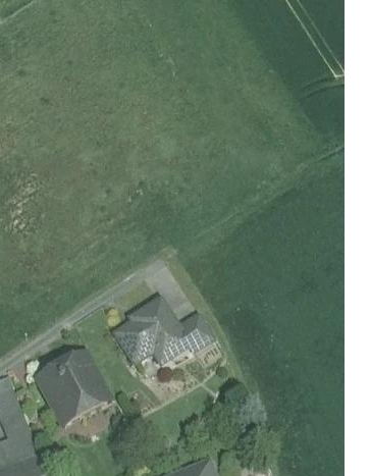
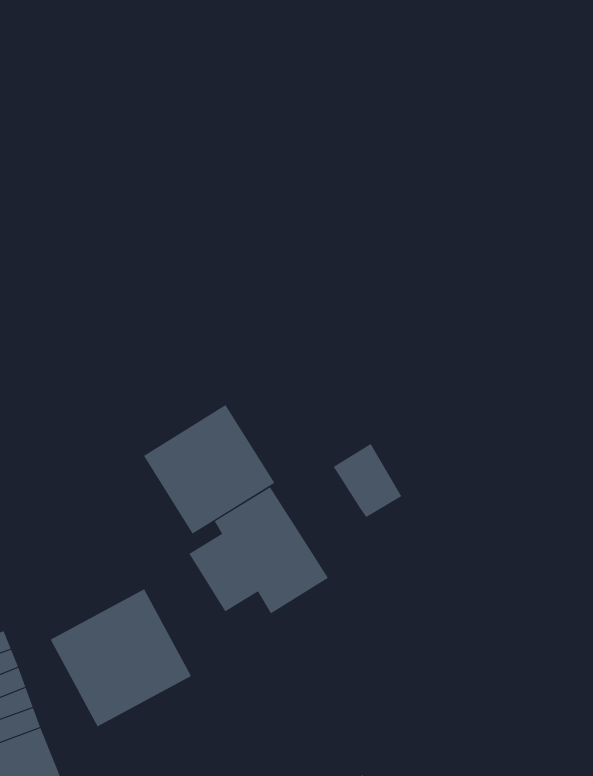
building: none -> [143,404,275,534]
building: [177,311,216,353] -> [333,443,402,518]

